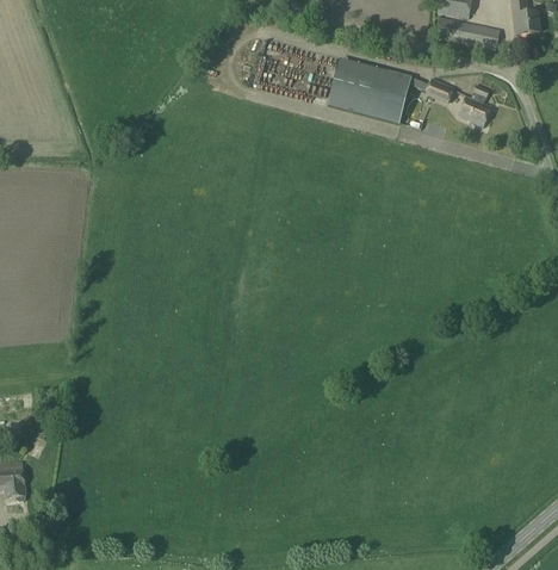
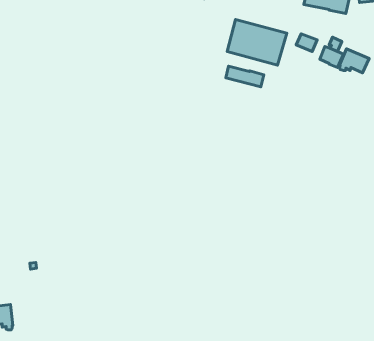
building: none -> [339,49,369,73]
building: none -> [226,66,264,87]

